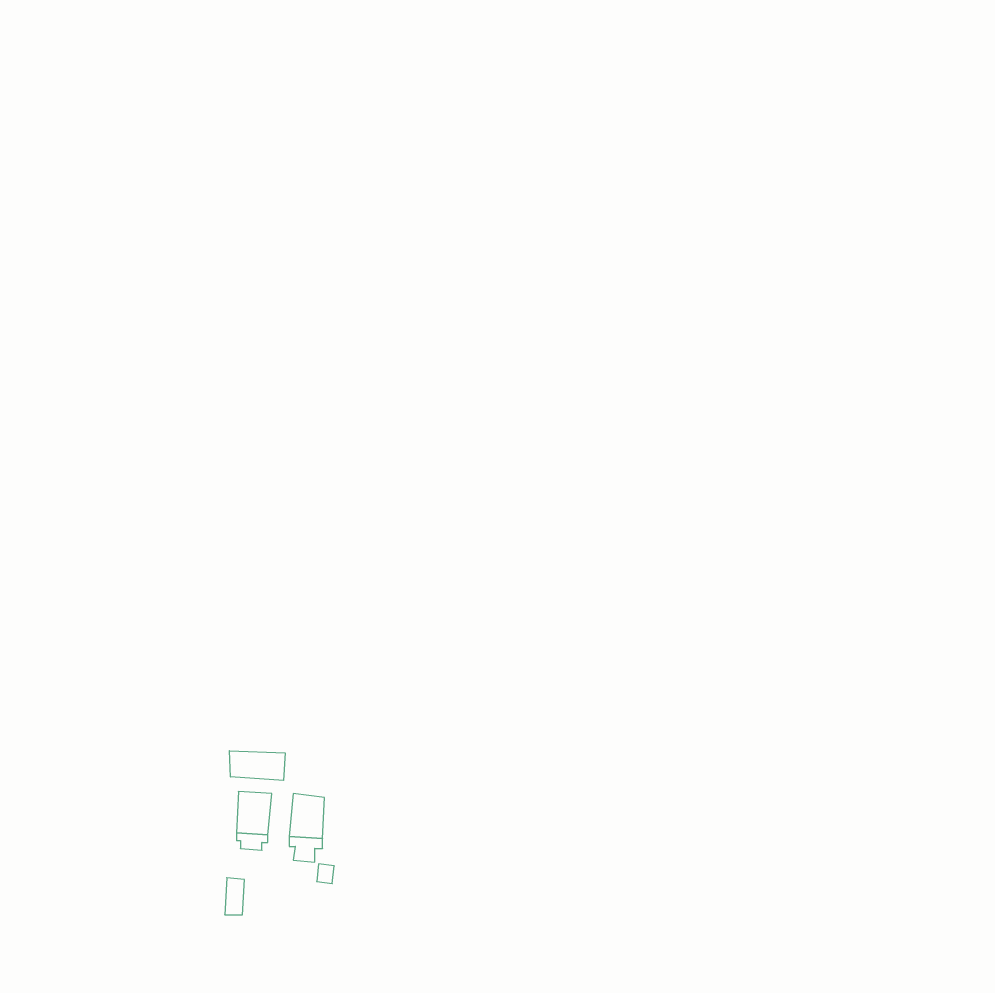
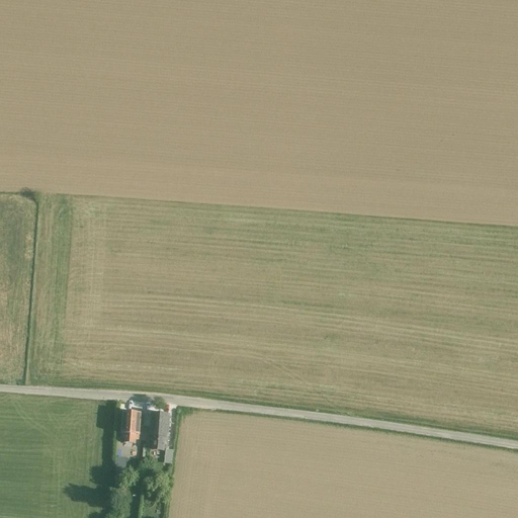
building: [229,751,285,780] -> none

